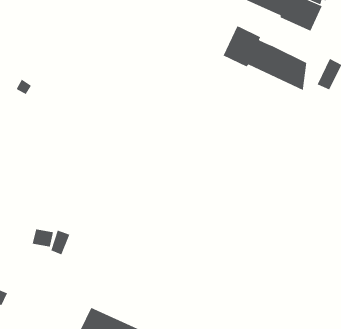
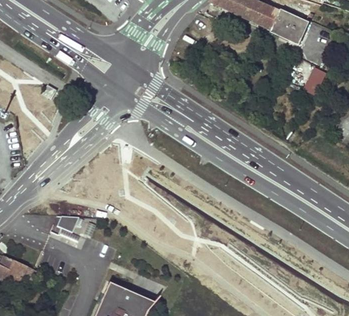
building: [223,26,307,91] -> none

